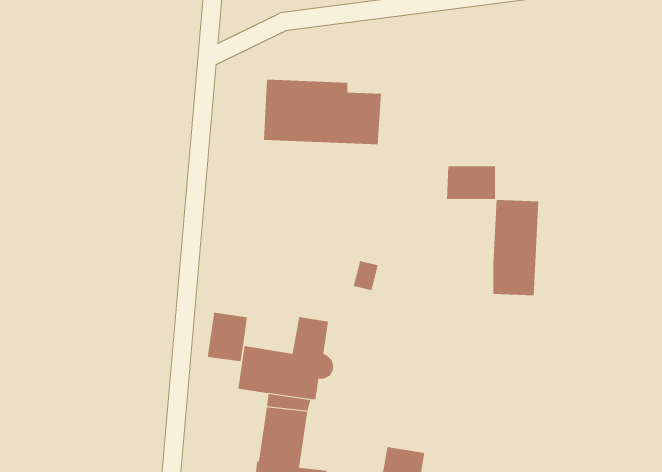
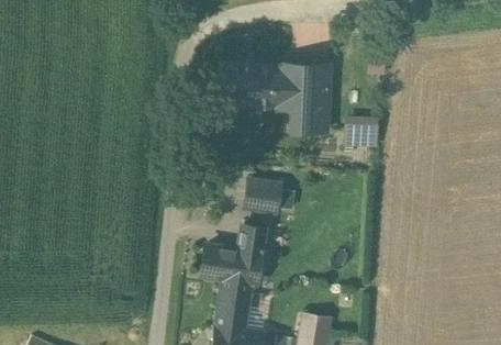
building: [493,199,539,296] -> [298,65,330,131]
building: none -> [244,180,280,213]
building: [207,312,248,362] -> none

